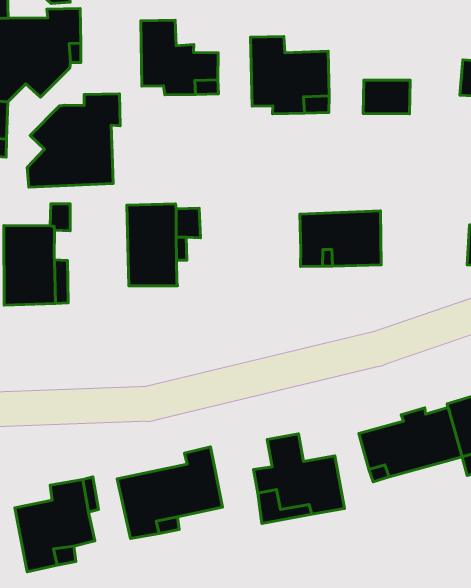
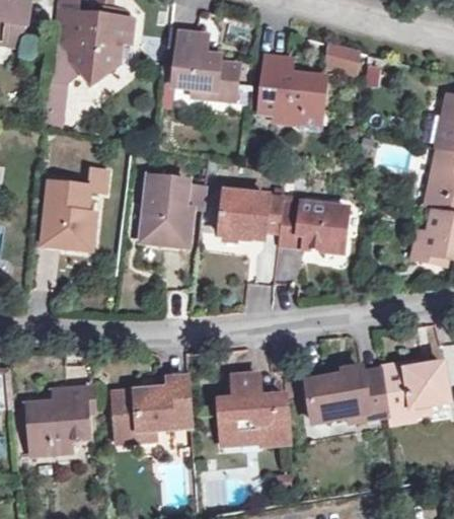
building: [363,80,410,114] -> [321,42,362,73]
building: [27,94,120,187] -> none
building: none -> [220,191,285,237]

